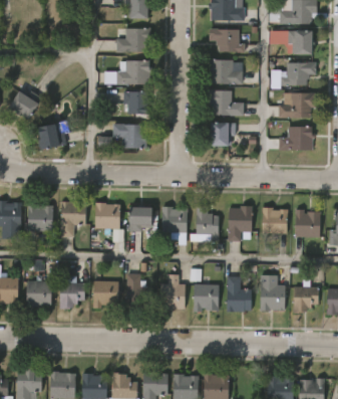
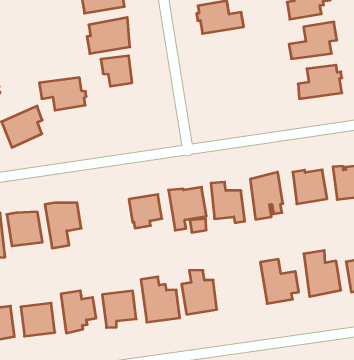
building: [208,91,245,117] -> none
building: [208,123,232,146] -> none
building: [115,124,151,148] -> [39,78,86,110]
building: [94,202,119,234] -> none
building: [193,282,220,312] -> none

